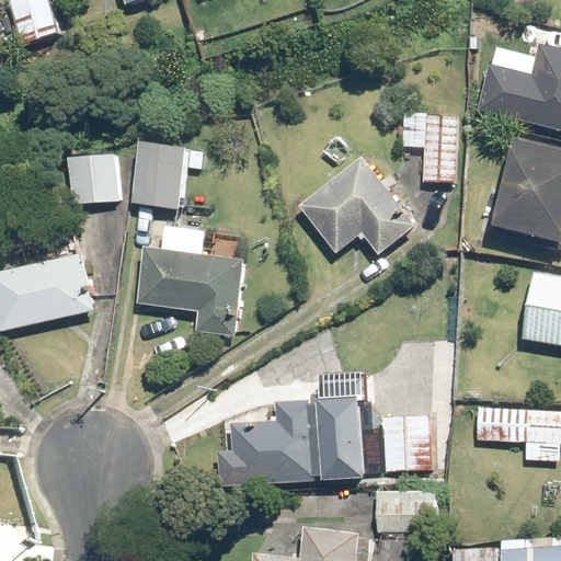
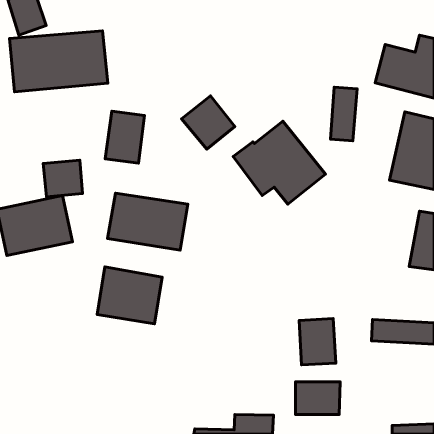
building: none -> [9,31,108,92]
building: none -> [182,96,235,149]
building: [65,153,115,201] -> [43,160,82,197]
building: none -> [97,267,162,324]
building: [228,400,362,481] -> none

